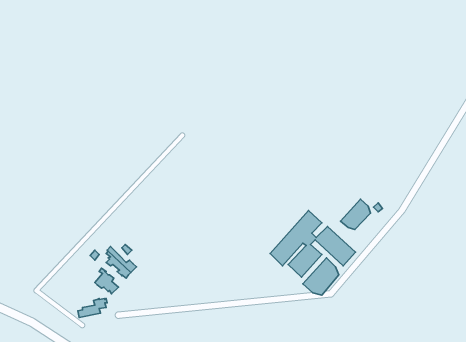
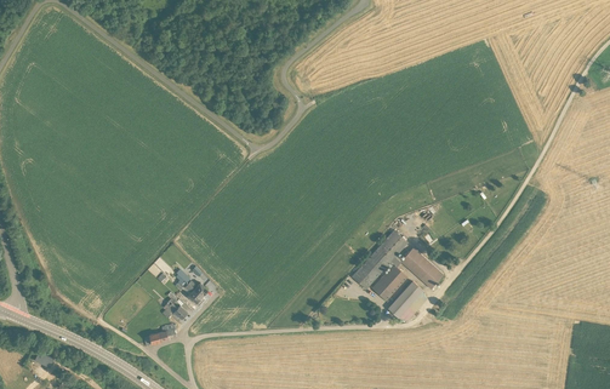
building: [341,199,370,229] -> none

